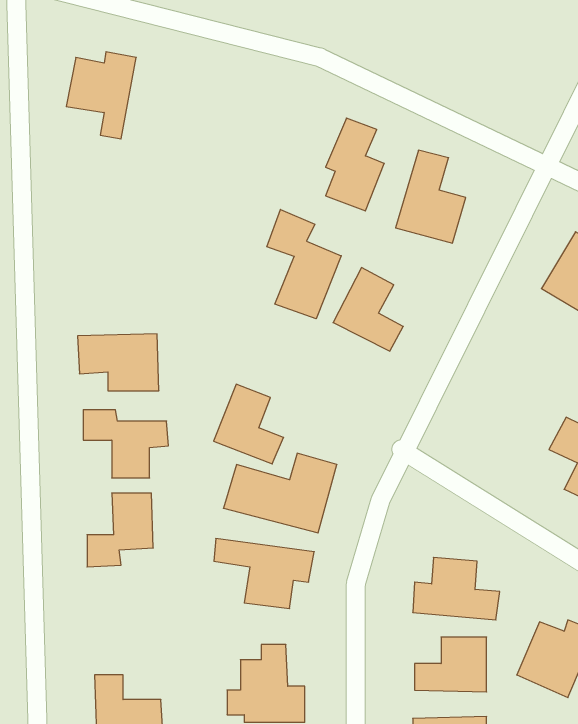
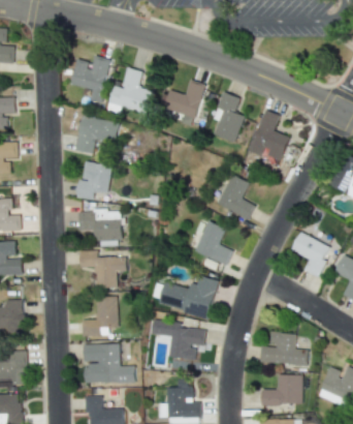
building: none -> [106,67,152,117]
building: none -> [163,81,204,117]
building: none -> [75,116,119,154]
building: [267,209,341,319] -> none
building: none -> [77,162,111,201]
building: none -> [292,233,331,276]
building: [214,384,284,464] -> [194,221,232,265]
building: none -> [84,344,135,384]

